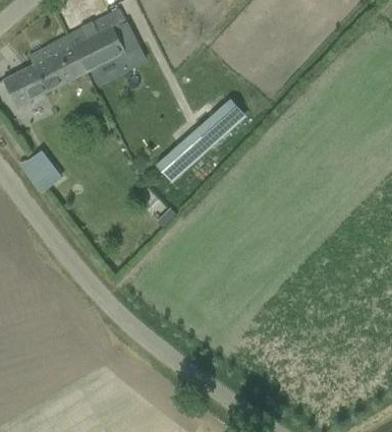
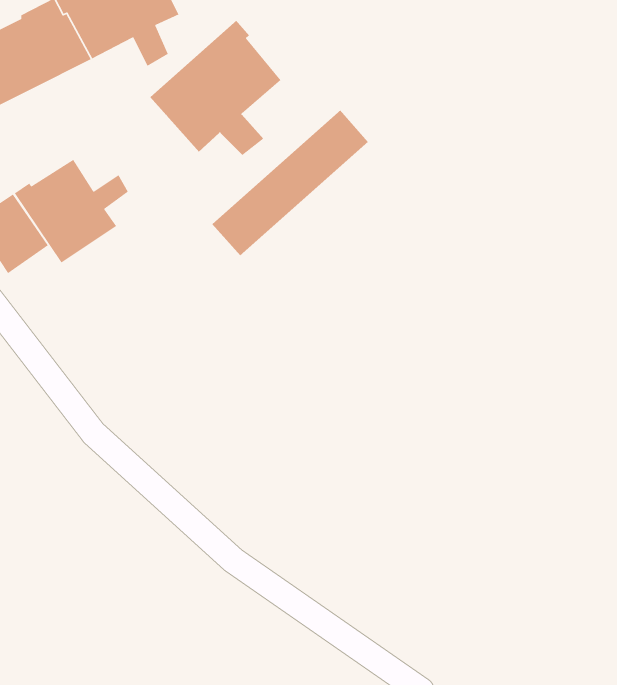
building: none -> [150,20,282,156]
building: none -> [14,159,129,264]

